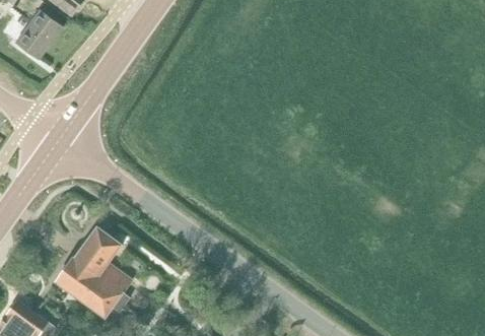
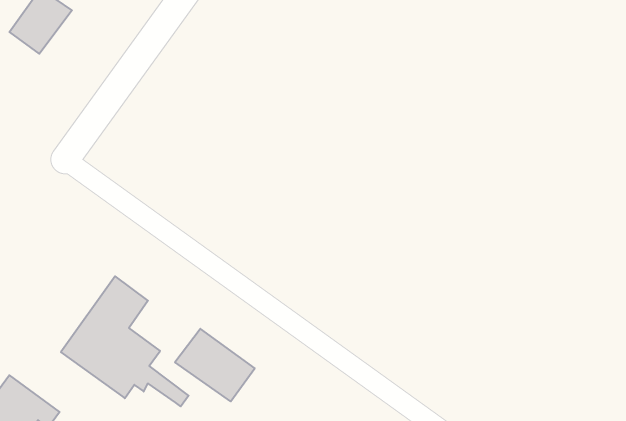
building: none -> [175,329,255,401]

